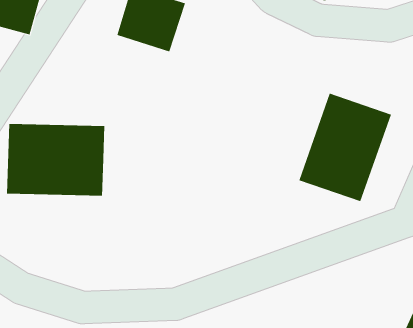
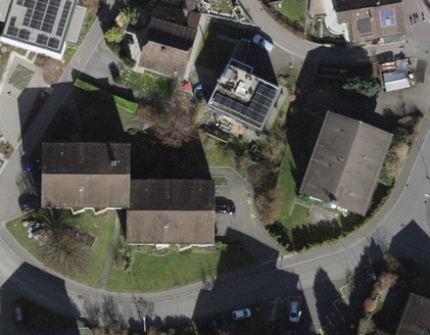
building: none -> [204,58,279,134]
building: none -> [126,175,216,240]

